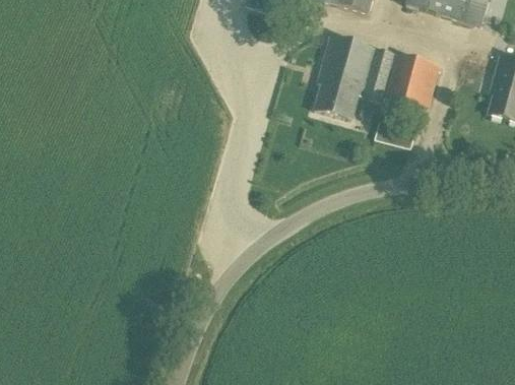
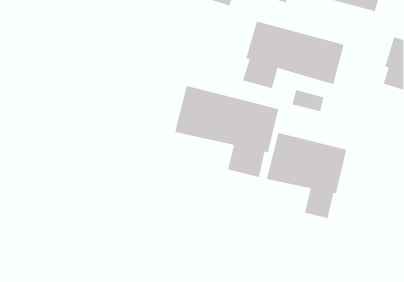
building: none -> [175,85,279,178]
building: none -> [266,132,347,219]

